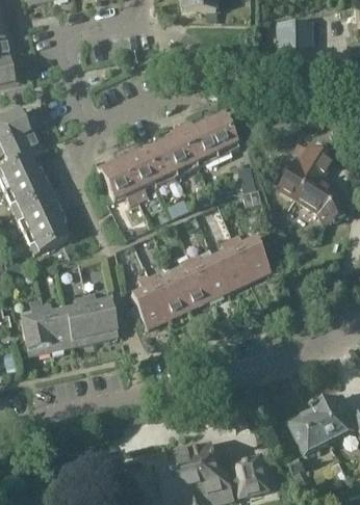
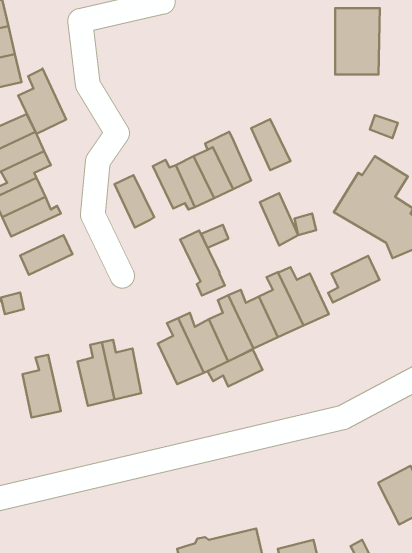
building: none -> [18,69,66,134]
building: [191,118,223,161] -> [260,193,298,245]
building: [111,150,148,203] -> [180,231,225,296]
building: [11,188,58,222] -> none
building: [26,221,69,254] -> none
building: none -> [328,256,380,303]
building: none -> [207,350,262,386]
building: [42,301,74,349] -> none
building: [287,408,328,453] -> none

